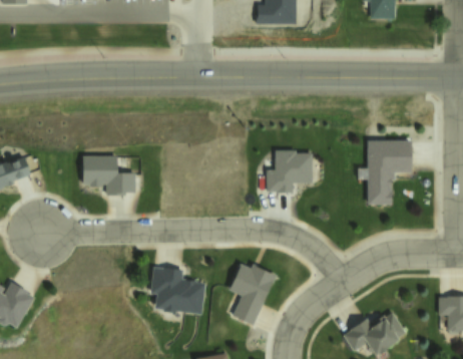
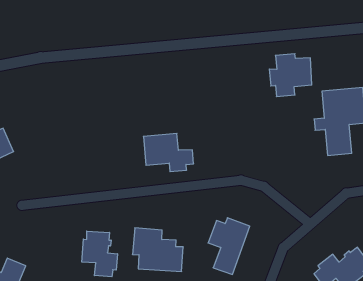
building: [269,149,314,194] -> [269,54,312,97]
building: [82,156,133,197] -> [143,133,194,172]
building: none -> [82,231,117,277]

